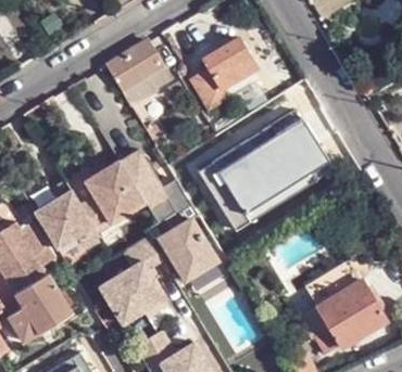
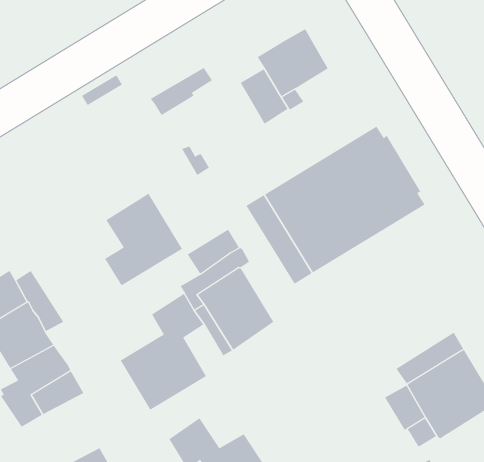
building: [106,40,162,89] -> none
building: [121,150,180,207] -> none
building: [36,190,102,249] -> none

